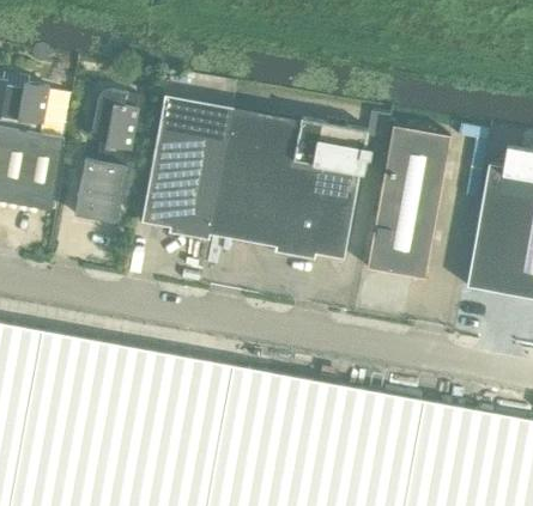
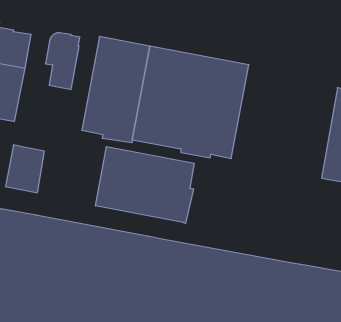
building: [367,124,450,279] -> none
building: [74,158,127,222] -> [5,145,44,193]
building: none -> [96,147,194,223]

